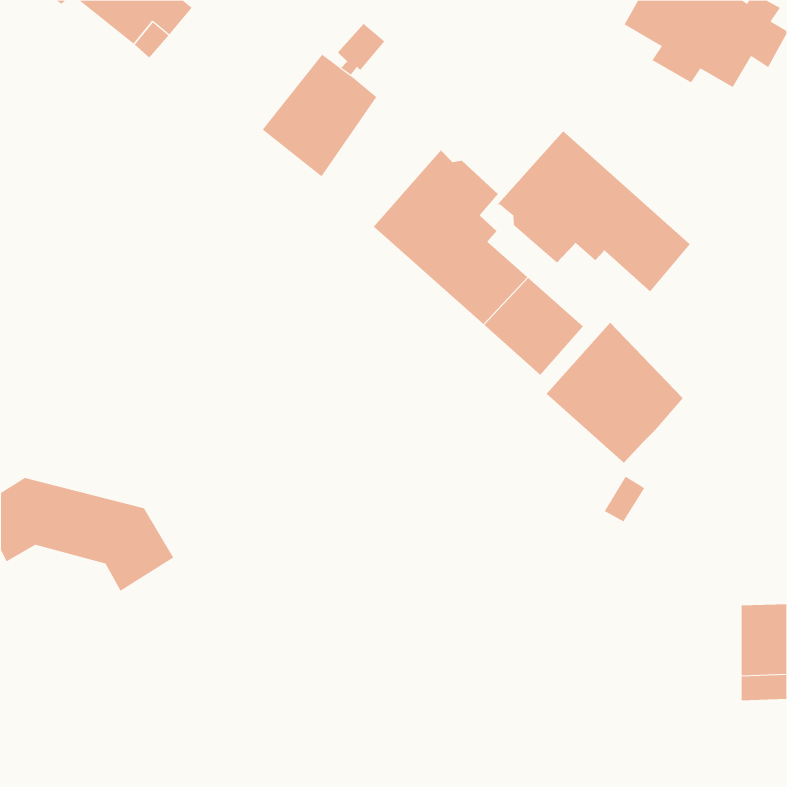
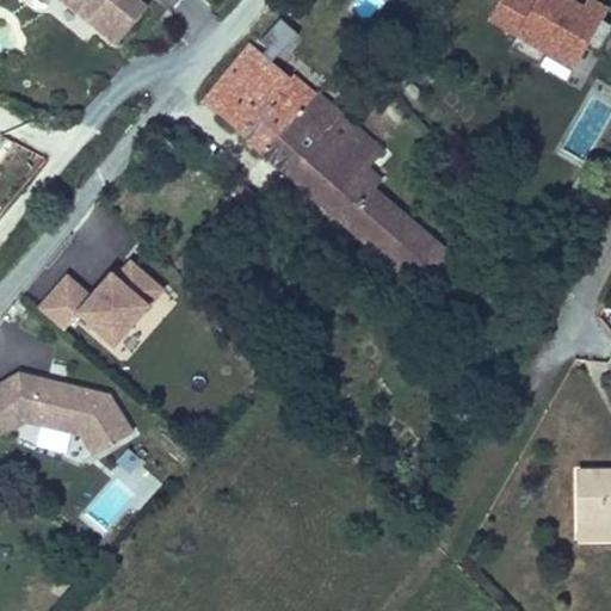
building: none -> [246,73,344,175]
building: [495,131,690,292] -> none
building: [546,322,683,464] -> none
building: none -> [37,259,166,347]

